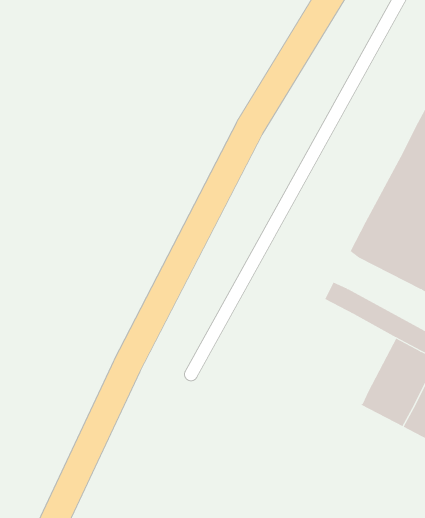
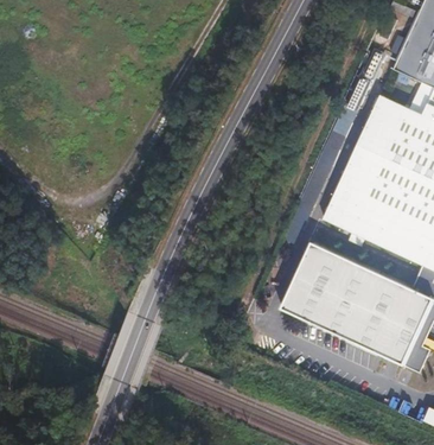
building: none -> [280,256,364,338]

